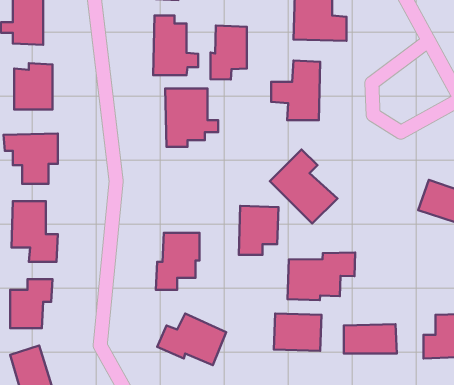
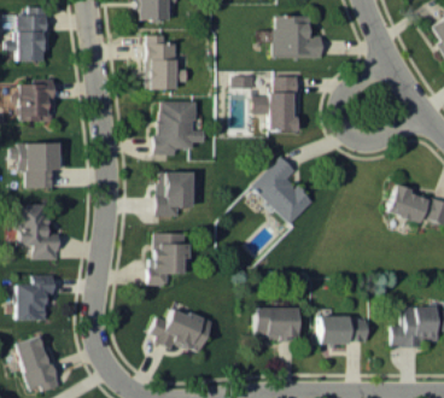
building: [211,26,247,79] -> none
building: [239,206,278,255] -> [157,171,193,216]
building: [288,253,355,300] -> none

